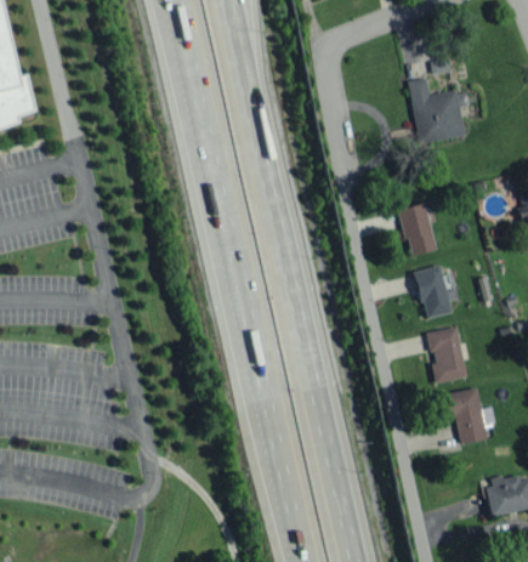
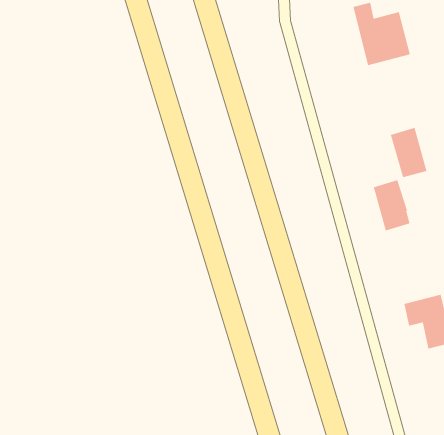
building: [399,203,436,255] -> [390,127,428,178]
building: [427,327,467,384] -> none

